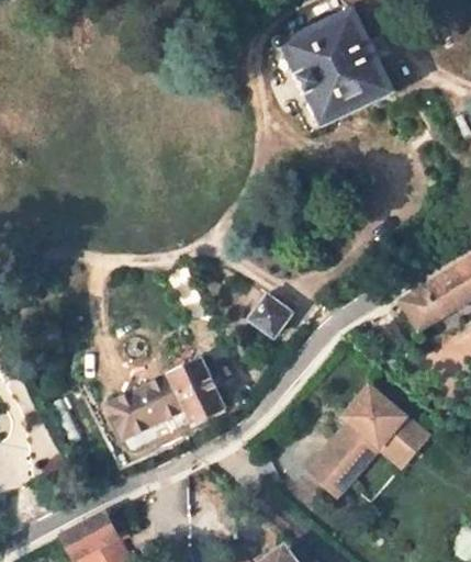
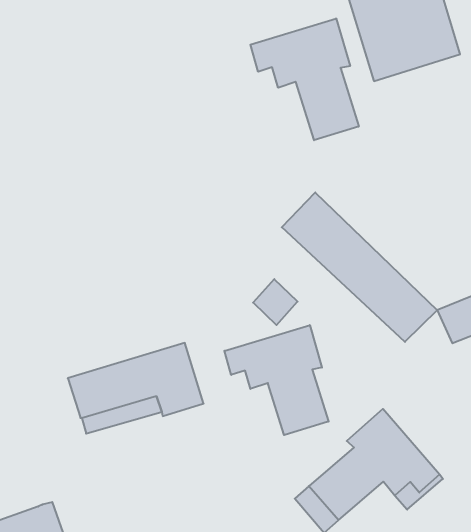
building: none -> [250,18,359,140]
building: none -> [282,192,437,342]
building: none -> [224,325,329,435]

